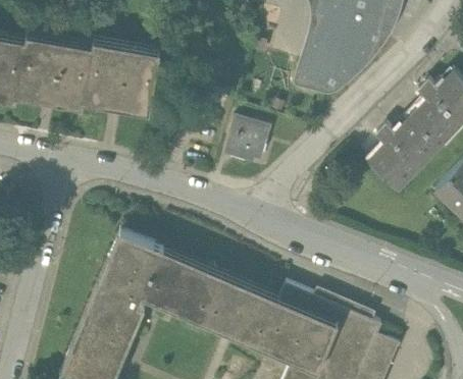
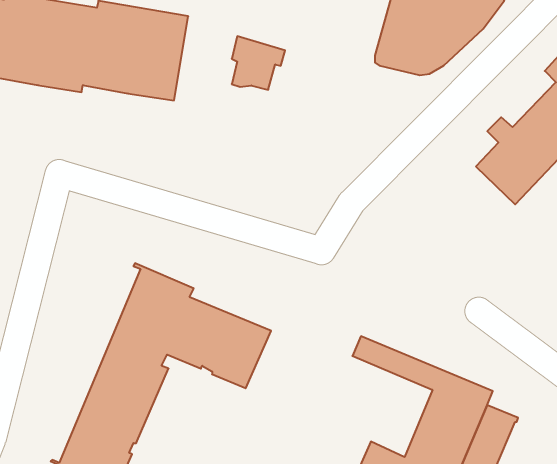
building: [228,118,267,157] -> [232,36,285,90]
building: [201,279,337,371] -> none

